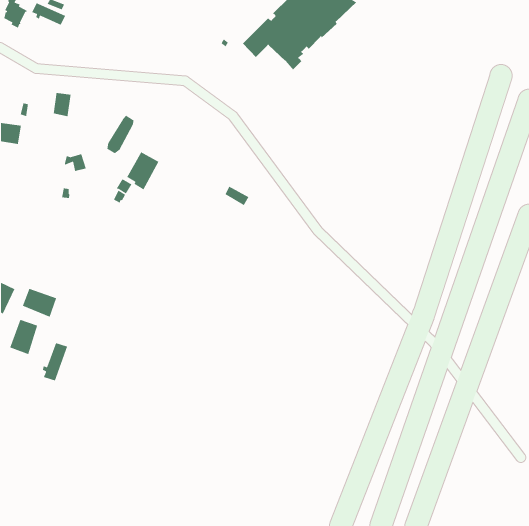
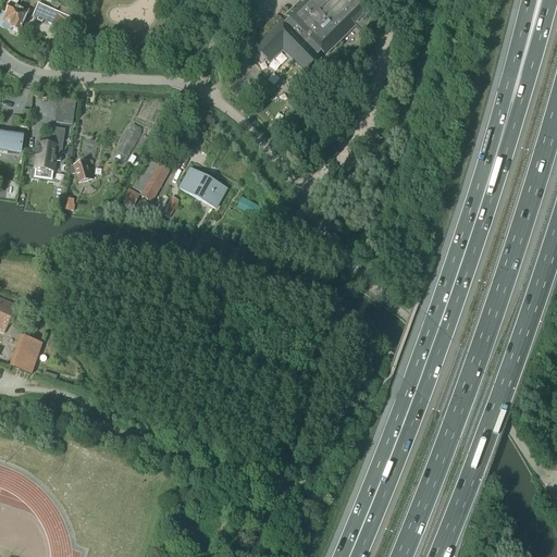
building: none -> [34,127,64,170]
building: none -> [180,168,225,207]
building: [22,288,57,318] -> none
building: [42,342,68,382] -> none

